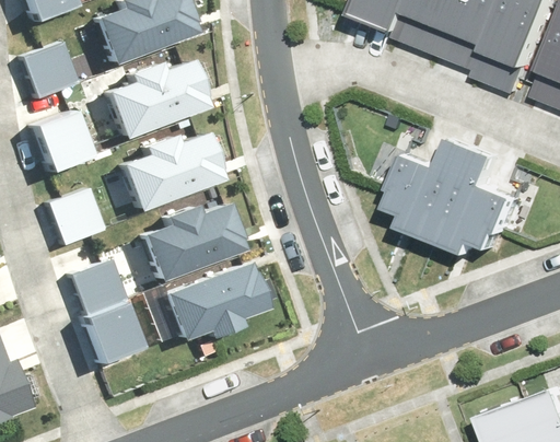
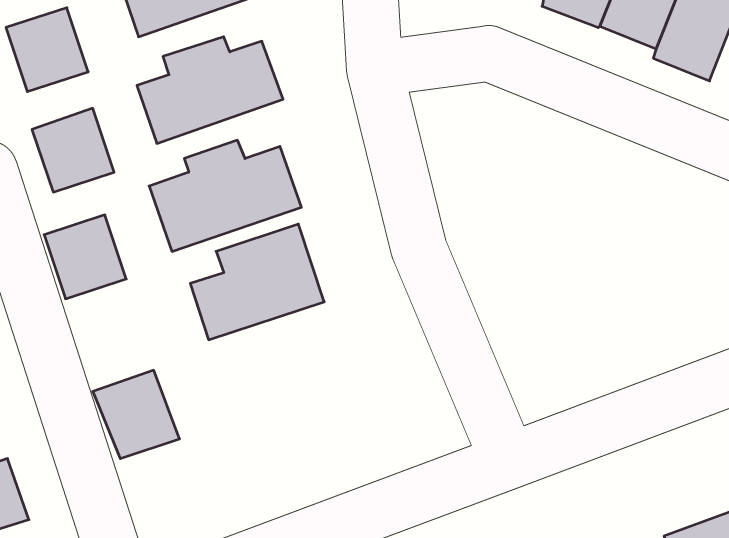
building: [395,150,521,257] -> none
building: [62,254,121,315] -> none
building: [162,264,267,353] -> none

